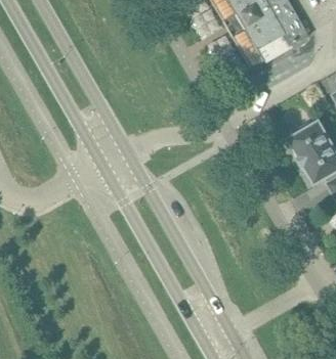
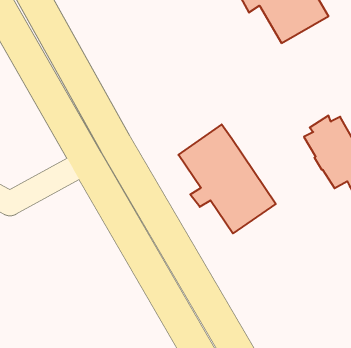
building: none -> [178,124,276,233]

